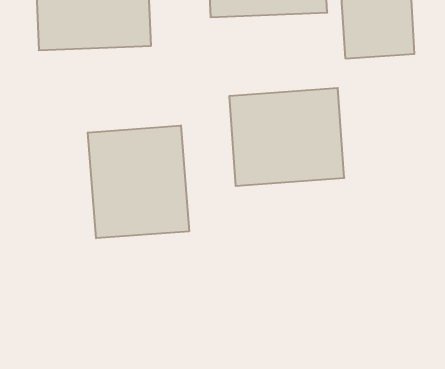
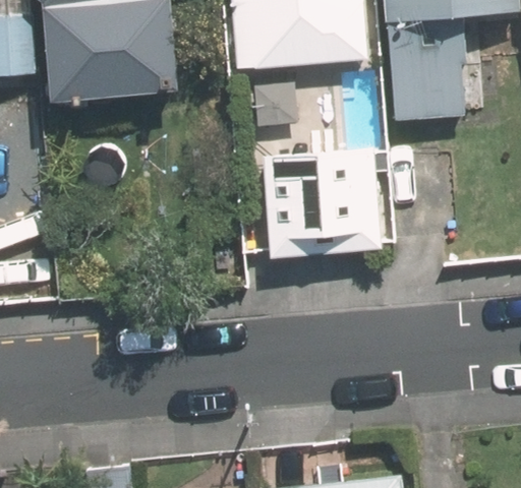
building: [88,125,189,238] -> none

